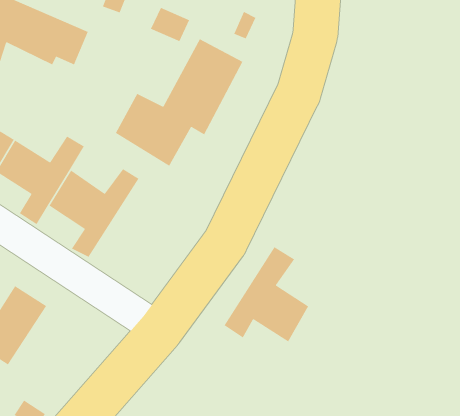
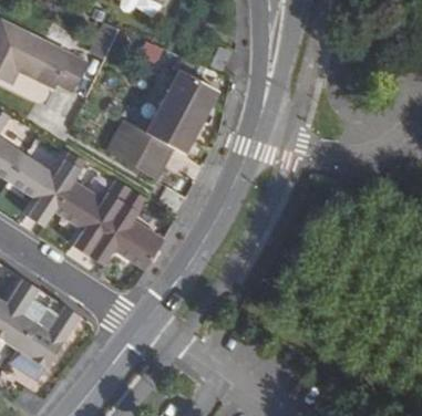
building: [224,246,309,342] -> [86,188,159,270]
building: none -> [18,297,79,367]

